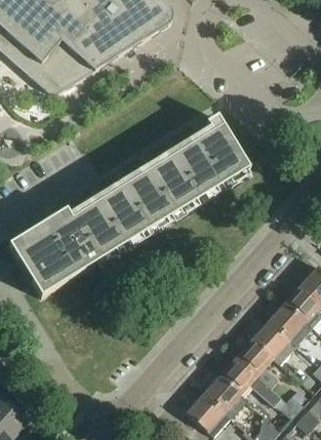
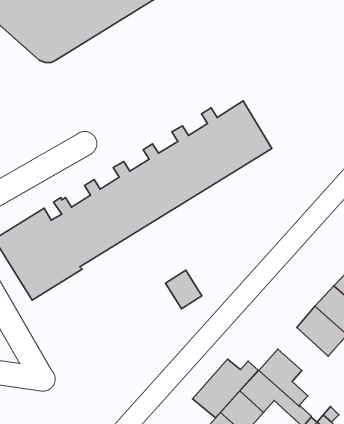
building: none -> [165,270,202,309]
building: [252,321,295,364] -> none
building: none -> [192,359,258,418]

